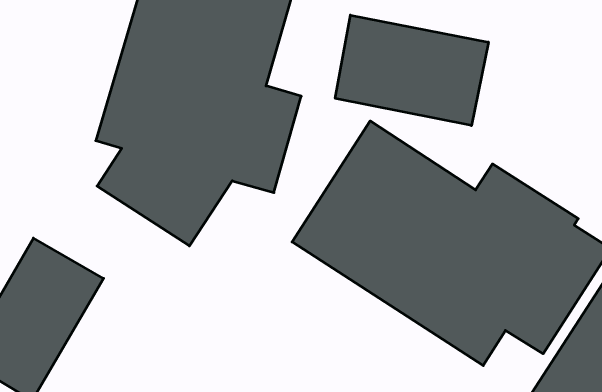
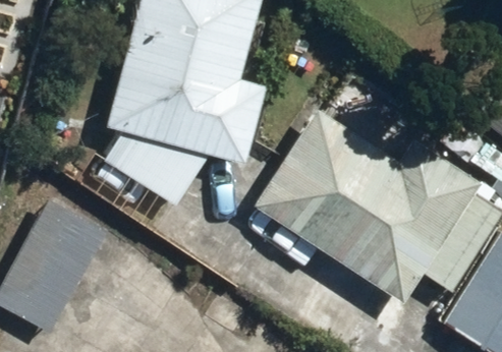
building: [335,15,488,126] -> none

